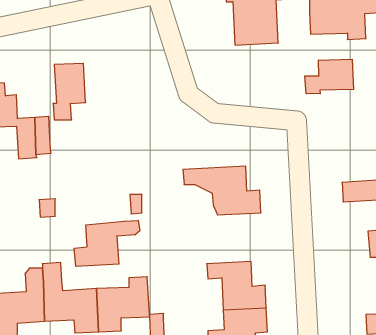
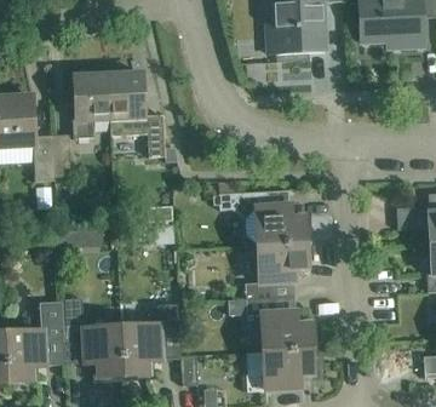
building: [305,59,354,94] -> none
building: none -> [107,73,165,156]
building: none -> [245,242,306,299]
building: [74,220,140,266] -> none

